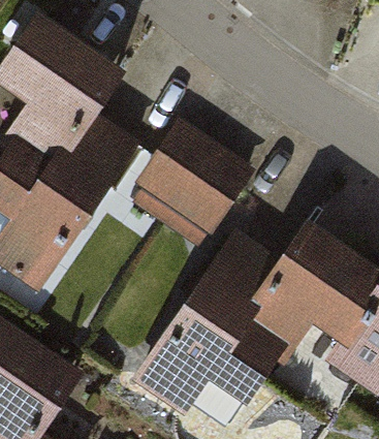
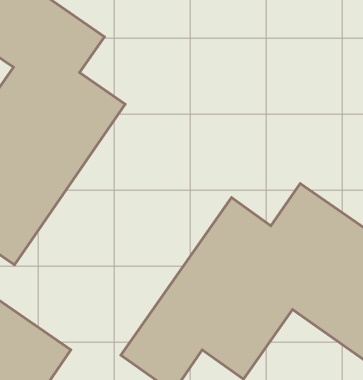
building: [135,123,256,245] -> none

